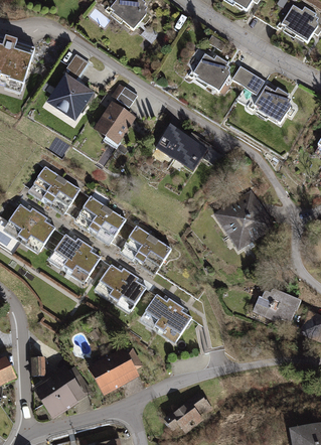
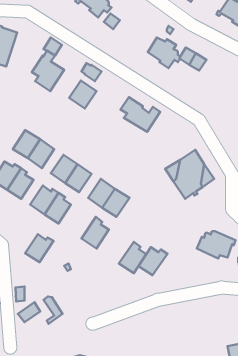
building: [254,86,294,124] -> none
building: [96,265,130,299] -> [25,234,53,262]
building: [141,295,176,329] -> [138,247,167,275]
building: [90,349,137,392] -> none
building: [43,370,79,416] -> none
building: [165,396,210,433] -> none

